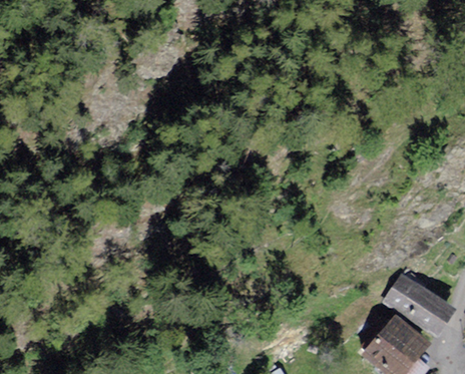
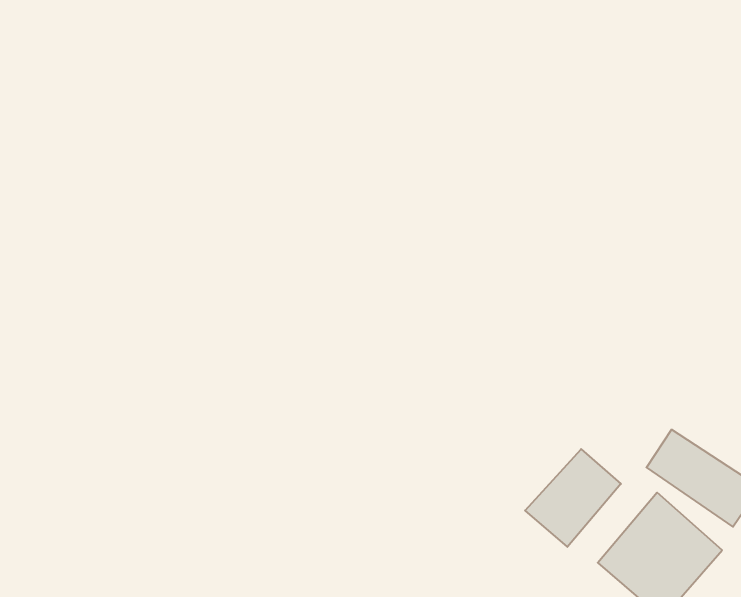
building: none -> [525,449,621,547]

